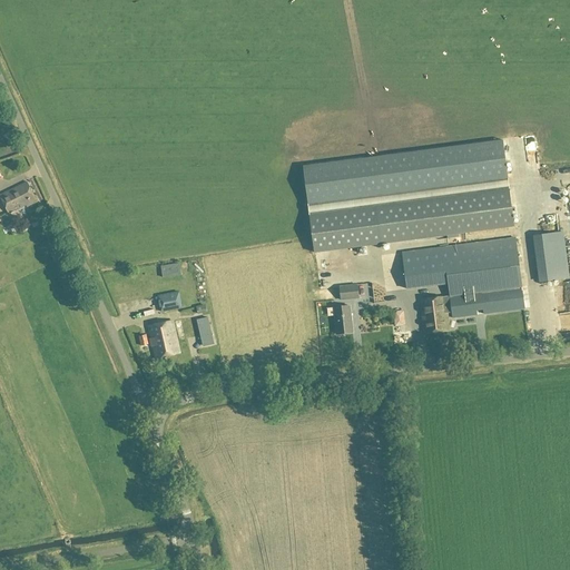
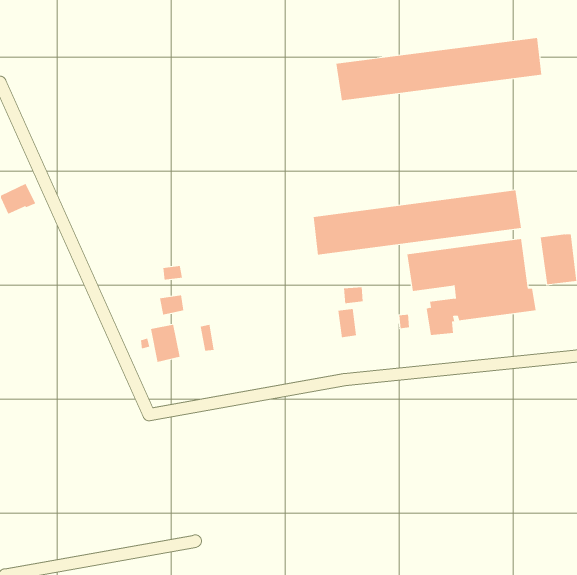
building: [303,139,507,202] -> [336,38,542,101]

